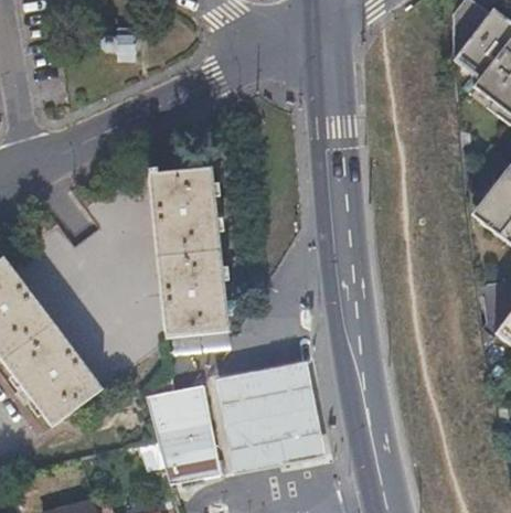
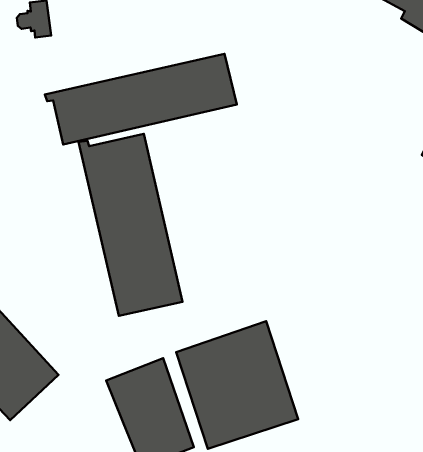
building: none -> [45,54,237,144]

